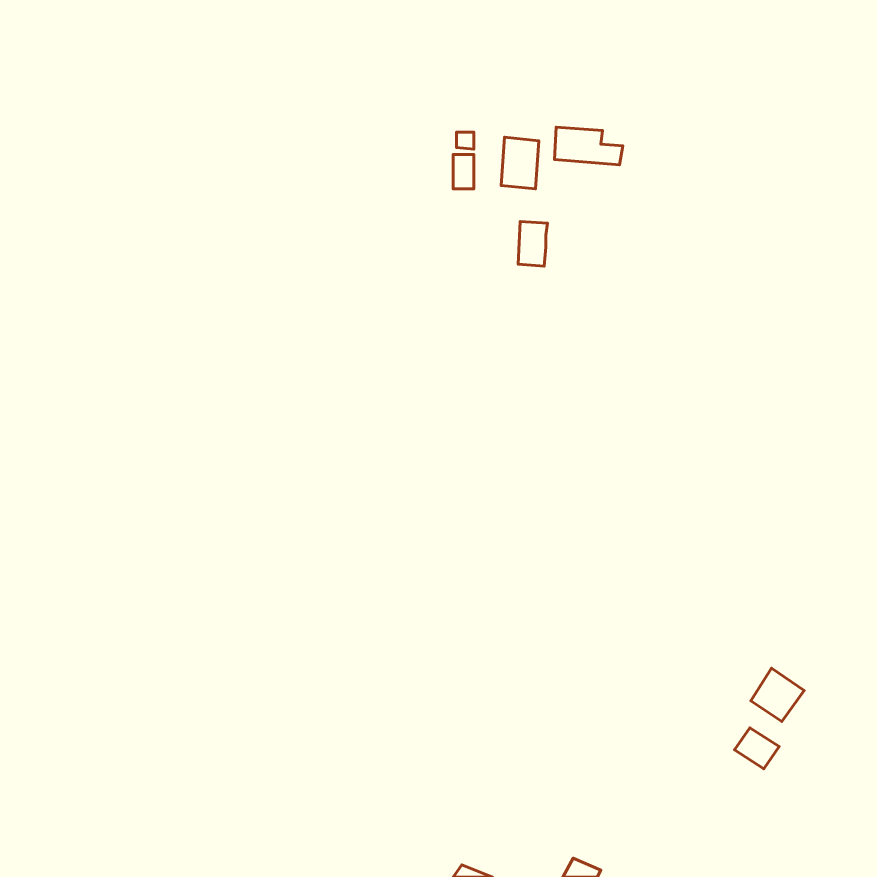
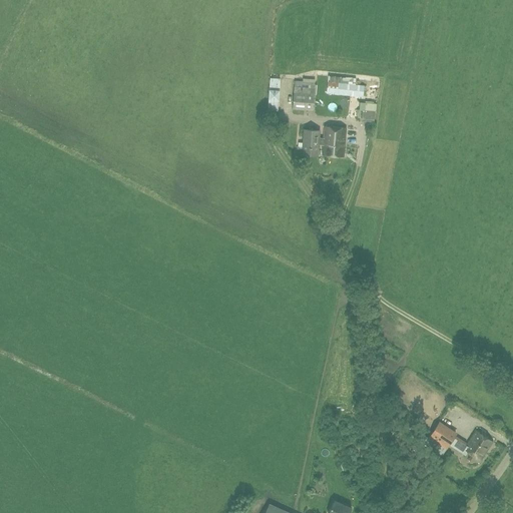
building: none -> [319,126,346,157]
building: [751,668,804,721] -> [463,430,494,461]

